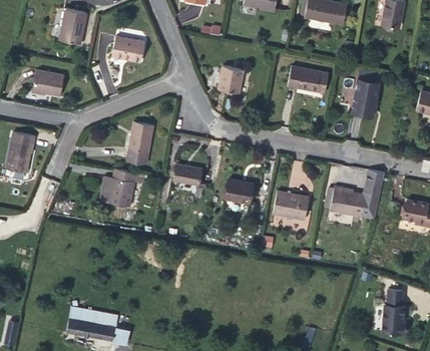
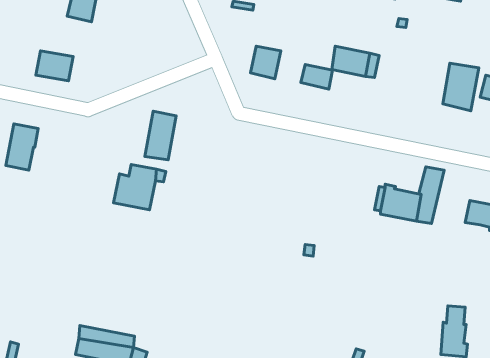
building: [112,36,144,61] -> none
building: [350,79,381,120] -> [443,63,479,111]
building: none -> [301,65,332,89]
building: [172,162,202,185] -> none
building: [226,178,253,203] -> none
building: [273,191,309,220] -> none

